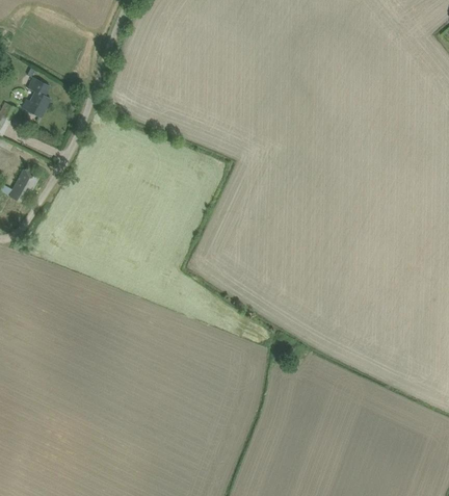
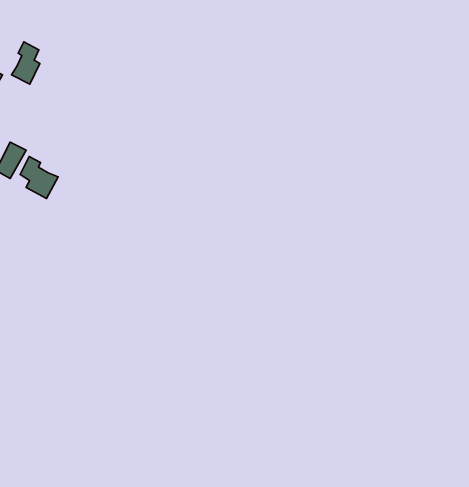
building: none -> [20,156,58,198]

